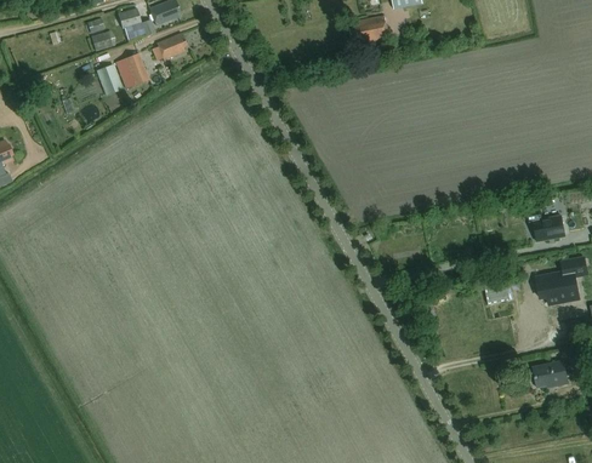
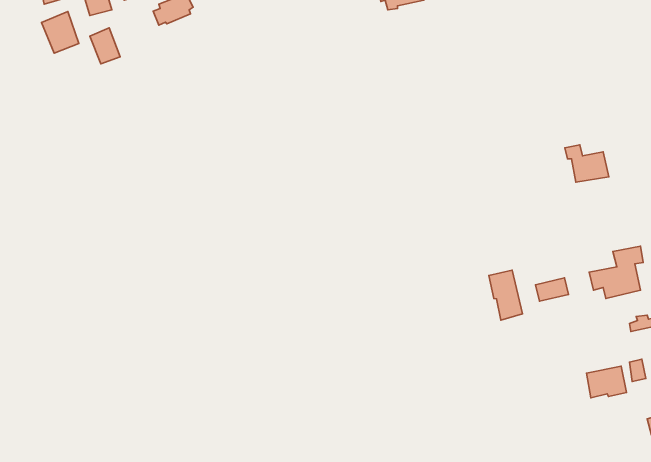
building: [115,52,148,88] -> [42,12,79,53]
building: [526,208,565,241] -> [565,145,609,182]
building: none -> [489,270,523,320]

